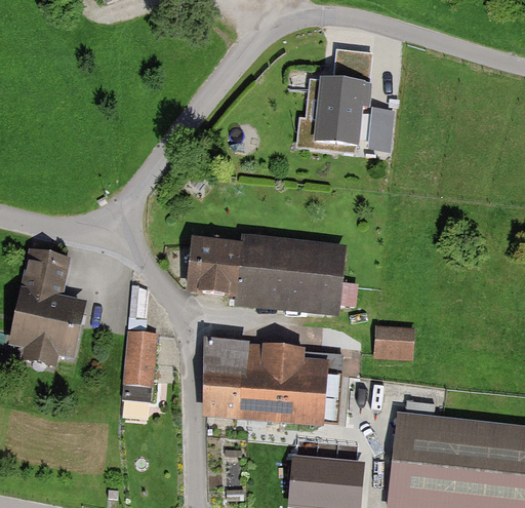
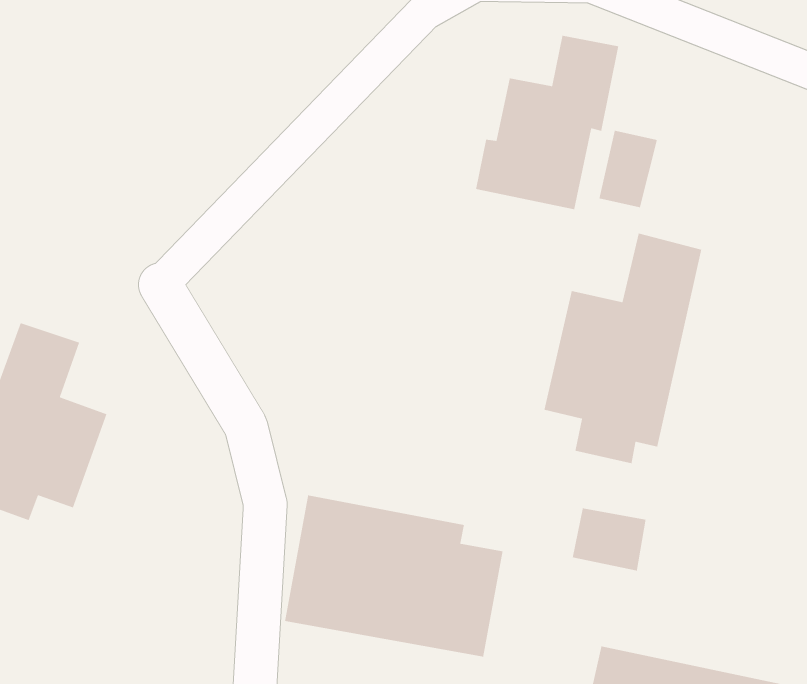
building: none -> [544,232,702,464]
building: [186,228,354,316] -> none
building: [123,334,156,398] -> none

